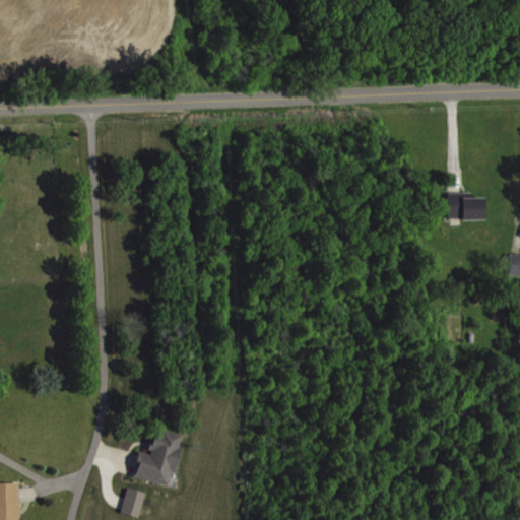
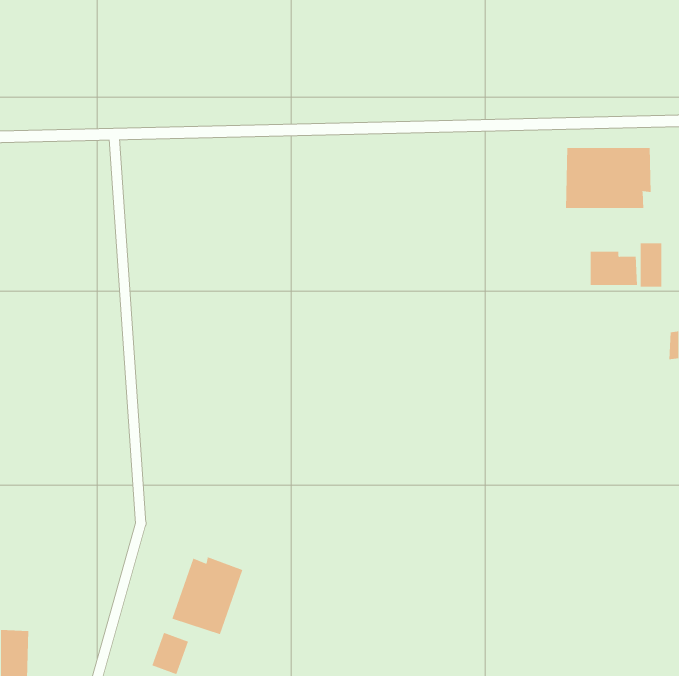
building: none -> [566,147,651,209]
building: none -> [640,242,662,288]

